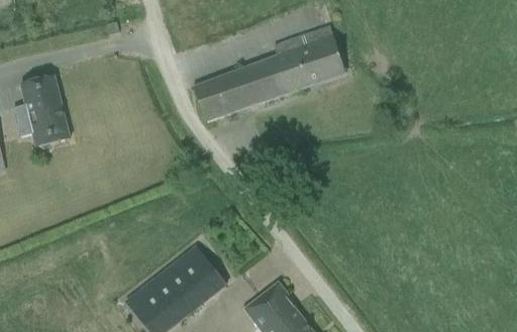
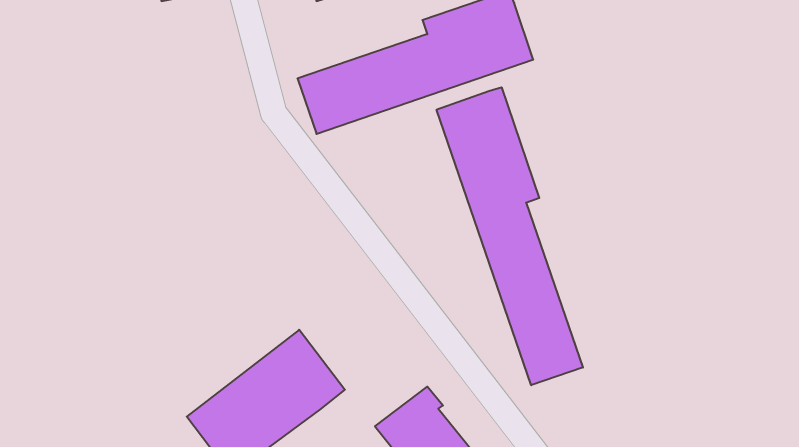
building: [12,75,68,146] -> none
building: none -> [437,87,583,385]

